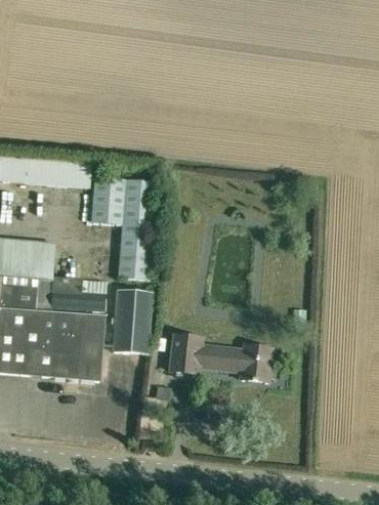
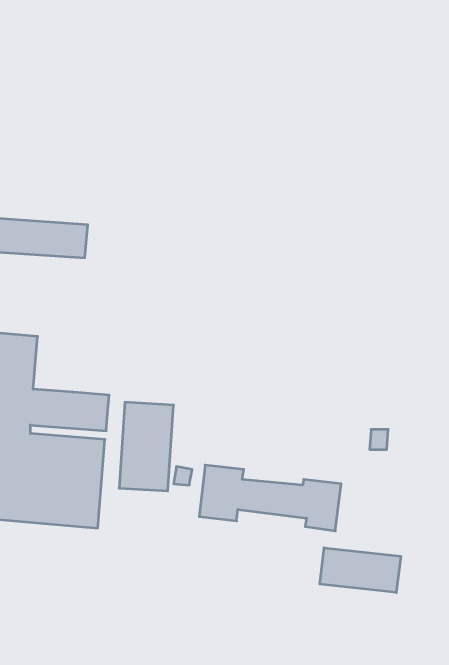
building: [91,177,155,280] -> none
building: none -> [320,548,401,593]

